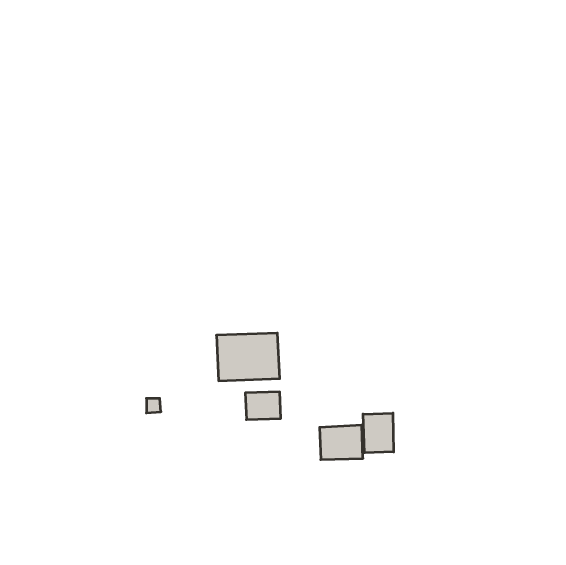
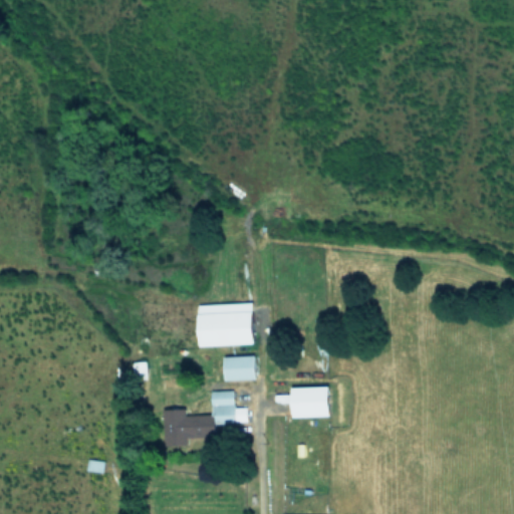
building: [363,413,394,453] -> none
building: none -> [167,391,234,439]

